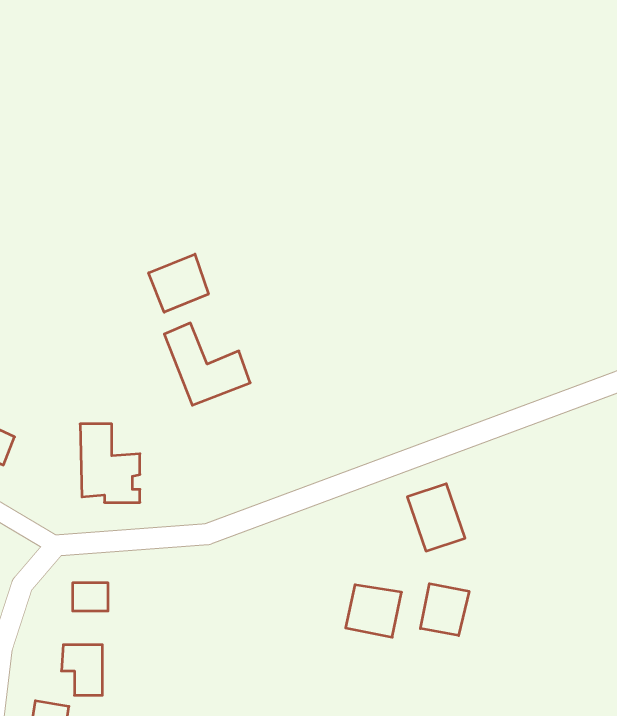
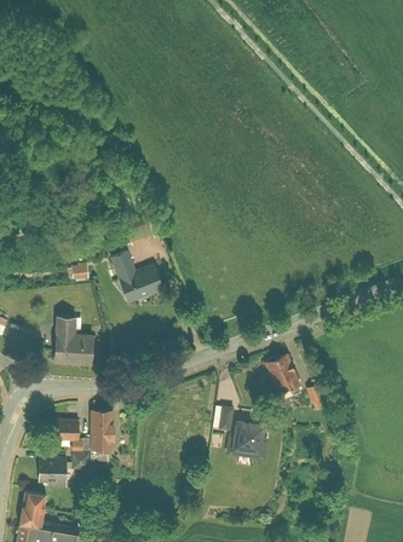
building: [149,254,208,312] -> none
building: none -> [74,409,115,469]
building: [420,584,469,636] -> none

